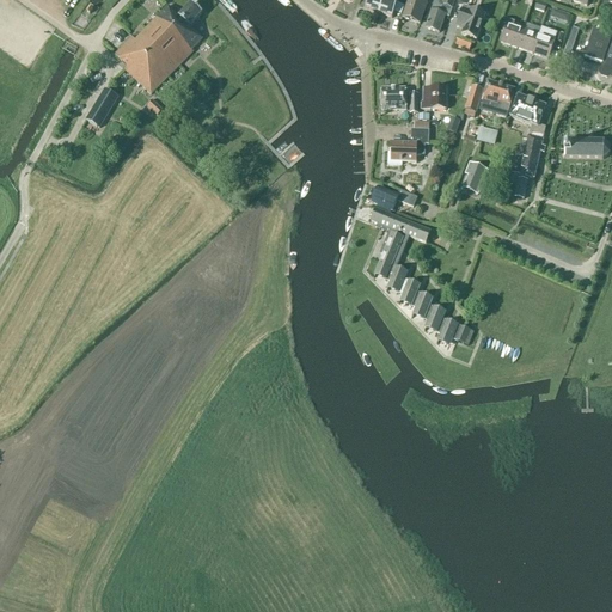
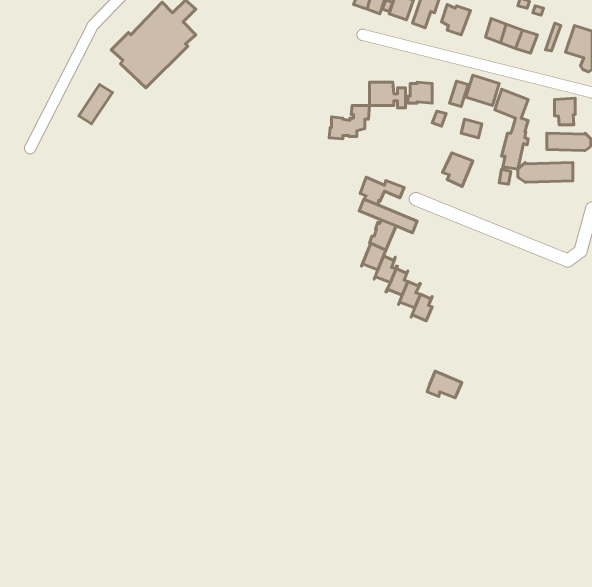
building: none -> [555,98,575,125]
building: [387,127,429,161] -> [329,105,370,139]
building: none -> [518,162,573,182]
building: [437,317,473,344] -> [427,371,462,398]

